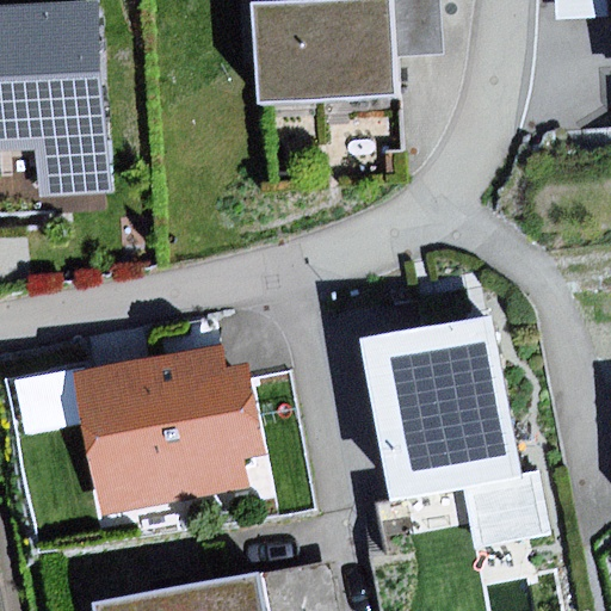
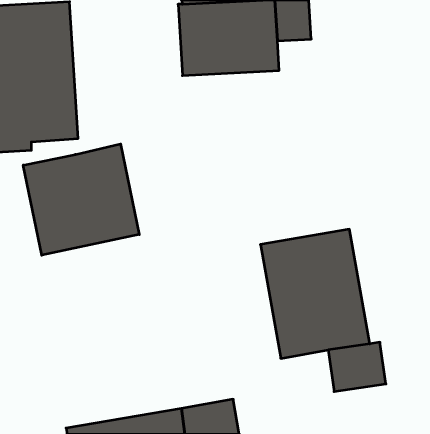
building: none -> [23,144,139,255]
building: [67,341,261,512] -> none

